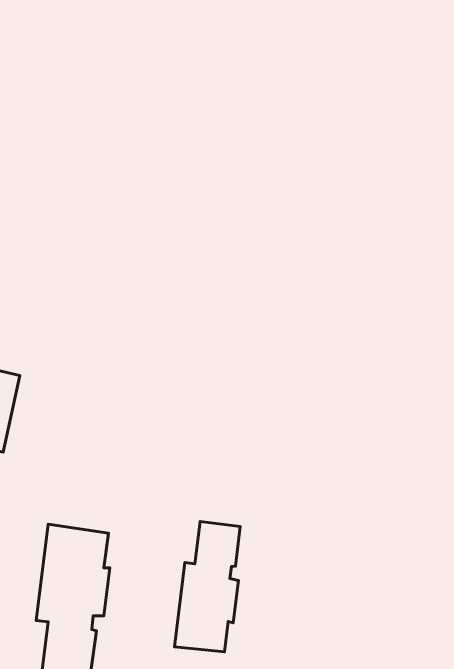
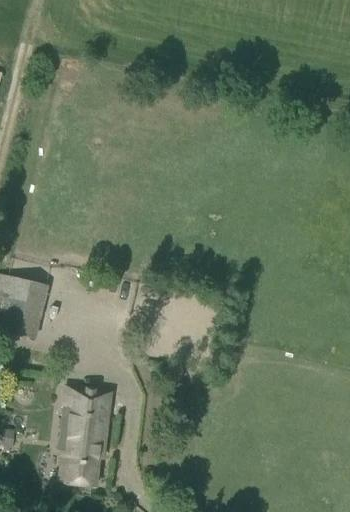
building: [174,522,240,652] -> none

